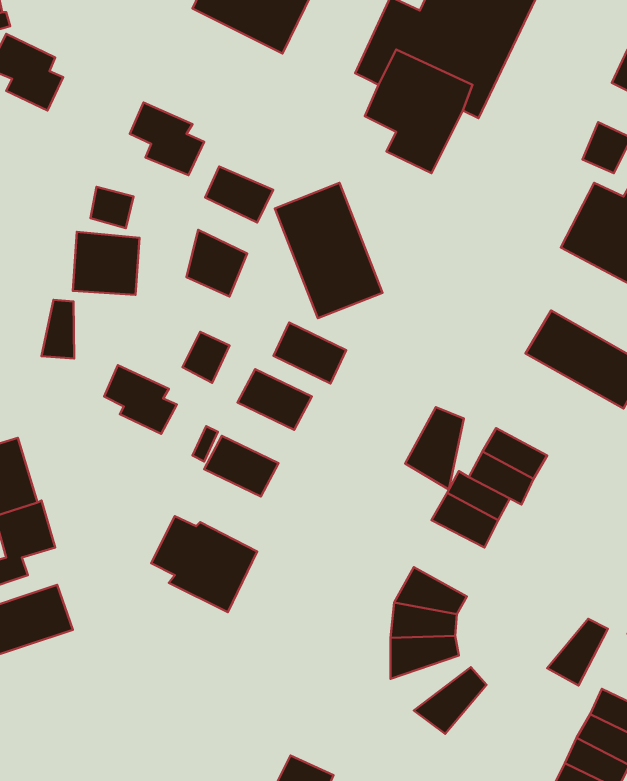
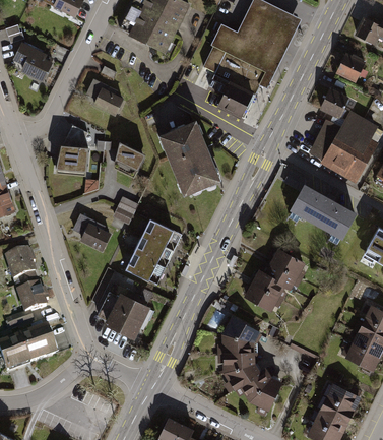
building: [205,167,273,222] -> none
building: [41,300,74,358] -> none
building: [274,323,346,383] -> [134,235,172,266]
building: [405,407,464,490] -> none
building: [547,619,608,686] -> [250,381,281,416]
building: none -> [221,366,263,394]

